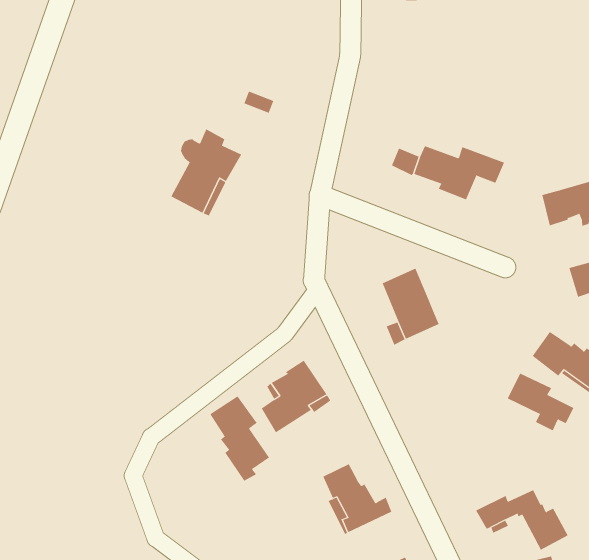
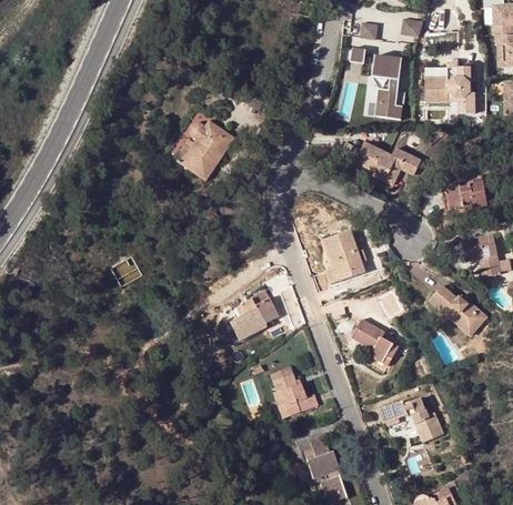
building: none -> [373,54,405,119]
building: none -> [425,67,475,112]
building: [507,373,574,431] -> [351,319,399,363]
building: [210,395,270,482] -> none

